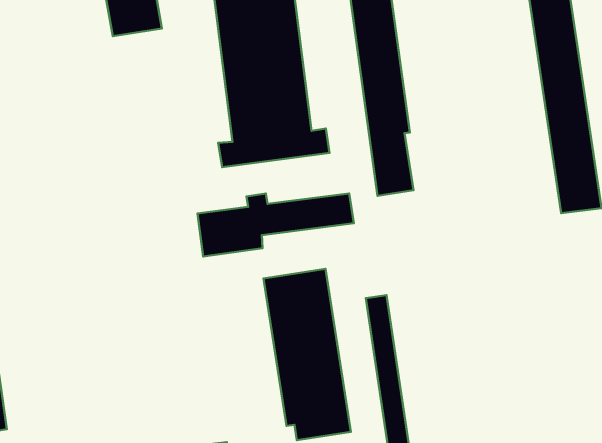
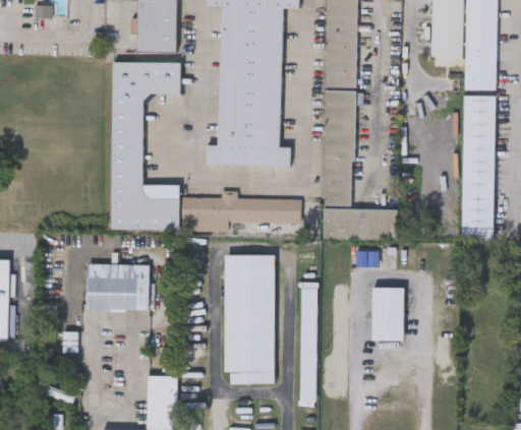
building: none -> [112,63,180,229]
building: none -> [324,209,397,239]
building: none -> [372,286,404,340]
building: none -> [86,264,149,310]

